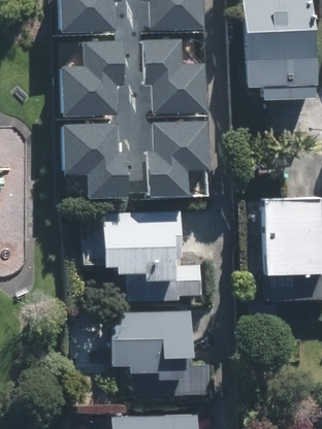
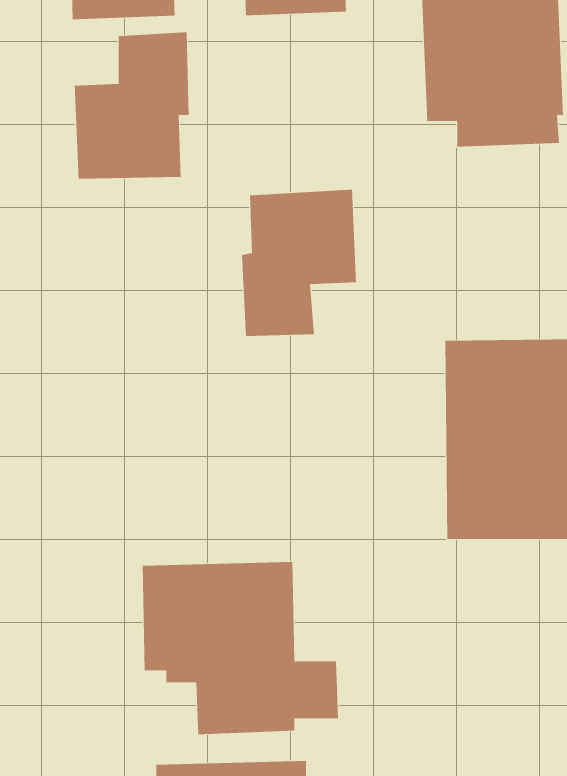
building: [144,40,206,114] -> none
building: [67,124,128,198] -> none
building: [100,211,202,300] -> none

